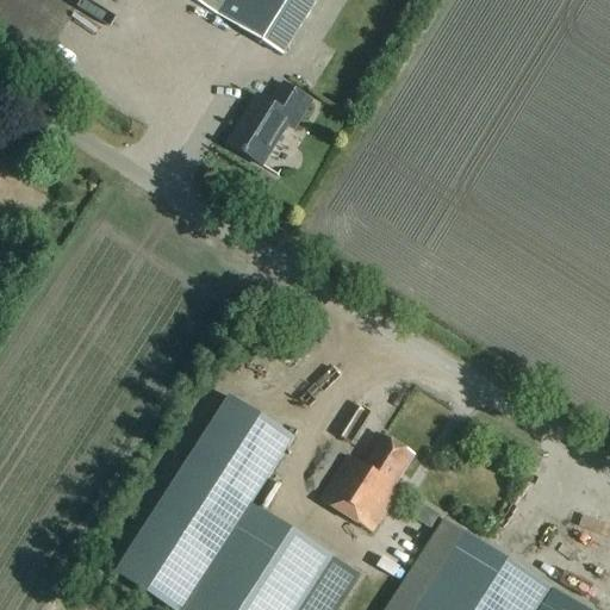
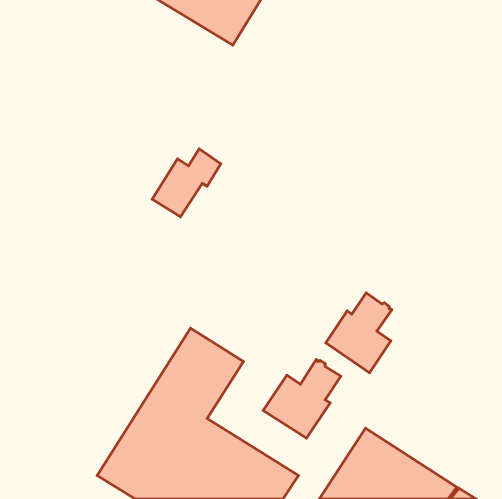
building: [226,82,310,164] -> [152,149,221,217]
building: none -> [326,293,392,373]

